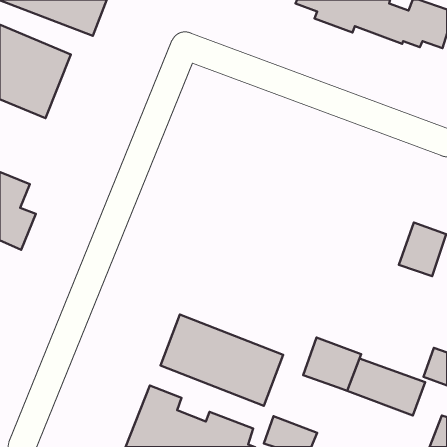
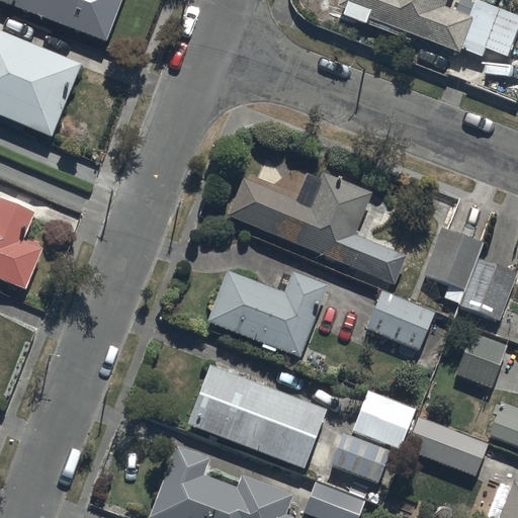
building: none -> [225,171,407,285]
building: none -> [424,228,480,304]
building: none -> [207,270,328,356]
building: none -> [366,290,435,350]
building: none -> [454,331,507,387]
building: none -> [331,430,391,482]

